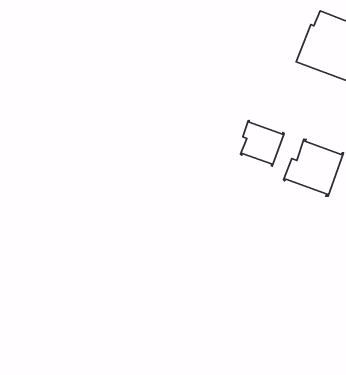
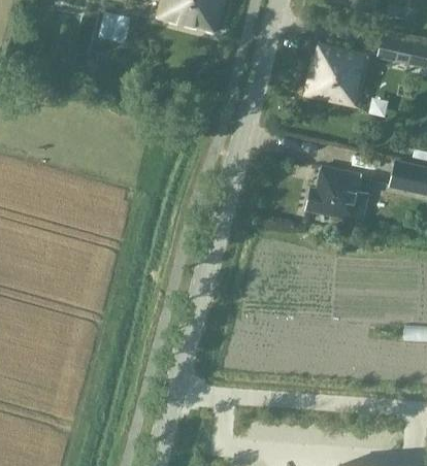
building: [241,120,284,166] -> none

